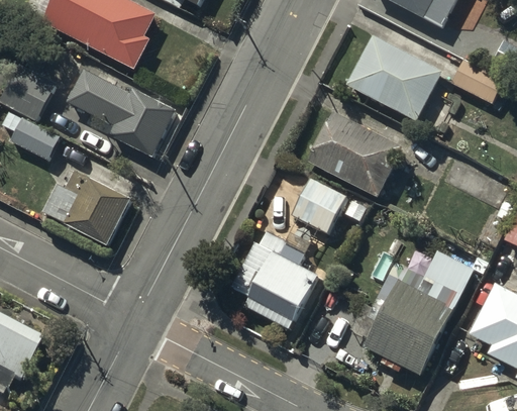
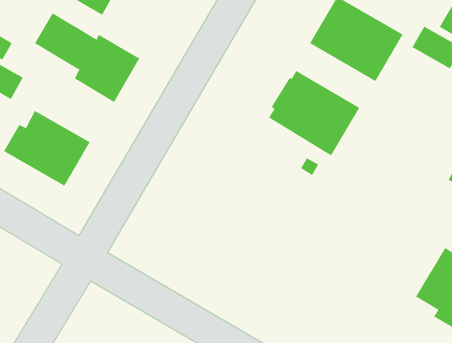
building: [291,178,344,231] -> none
building: [230,230,314,327] -> none
building: [366,252,475,375] -> none

